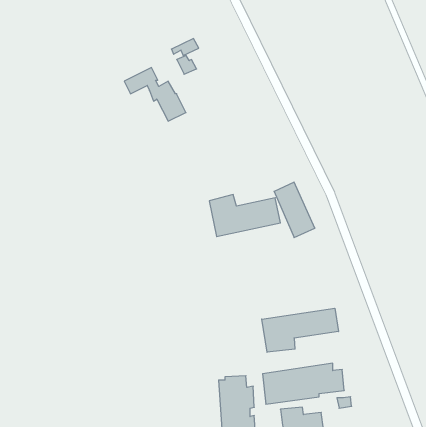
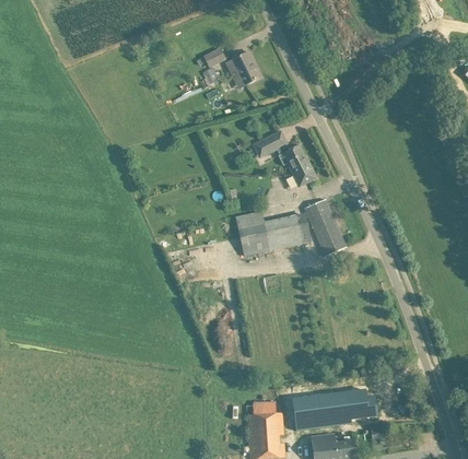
building: none -> [232,50,259,84]
building: [124,68,186,121] -> [253,130,317,186]
building: [262,308,338,352] -> none

